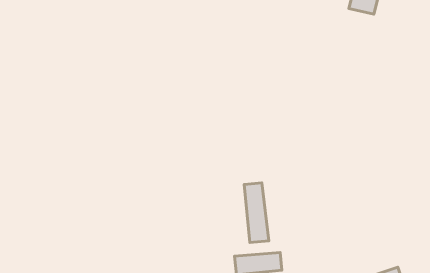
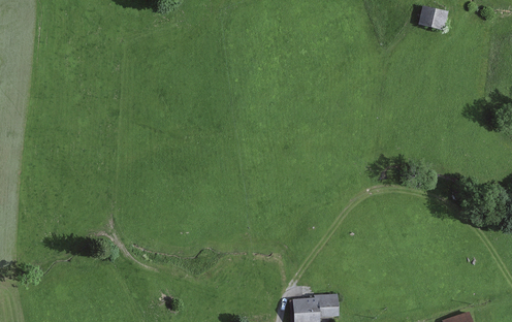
building: [244,183,269,243] -> none

